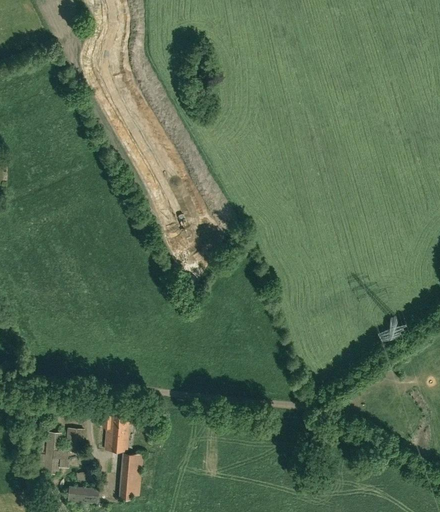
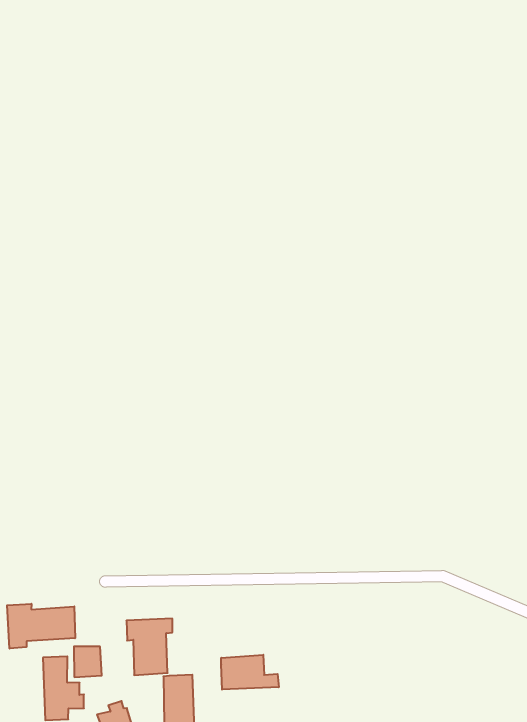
building: none -> [7,604,75,649]
building: none -> [221,655,279,690]

